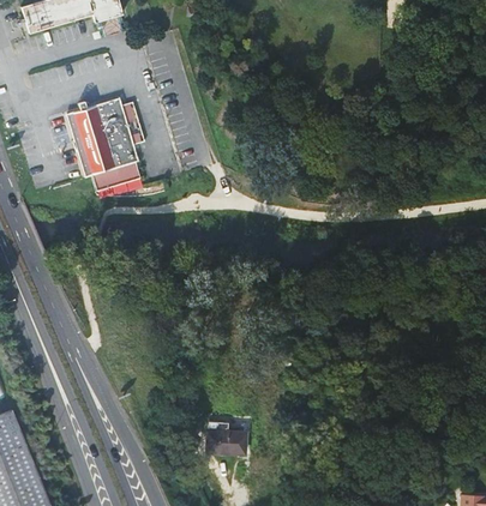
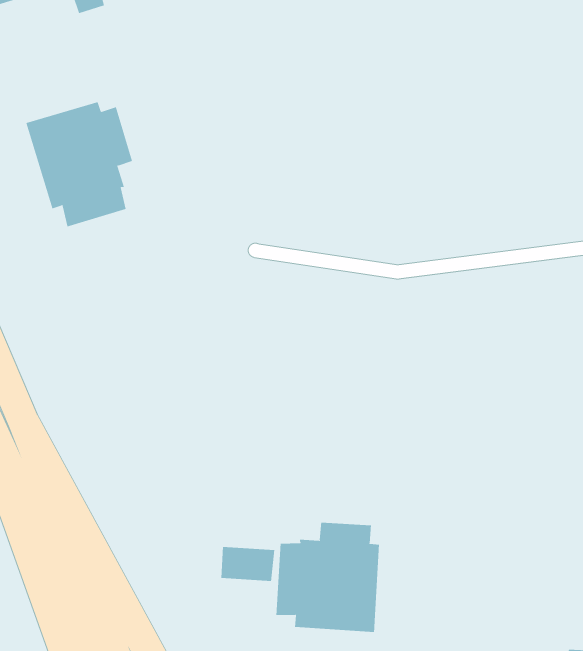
building: none -> [276,522,379,633]

